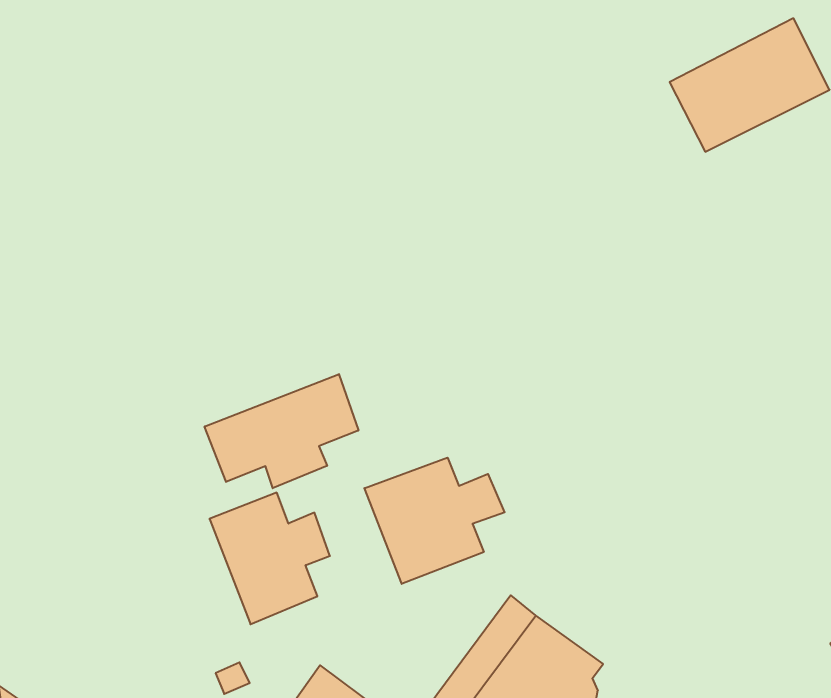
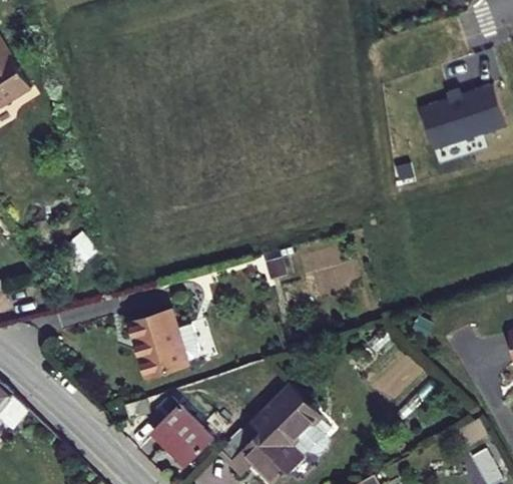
building: [205,374,358,488] -> none
building: [364,458,505,584] -> none

